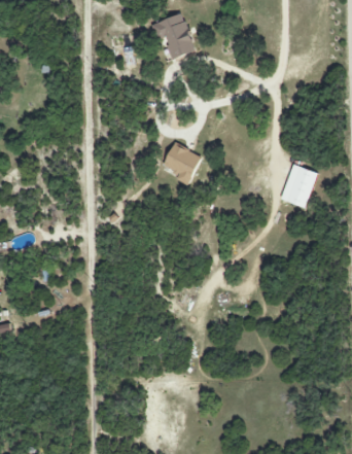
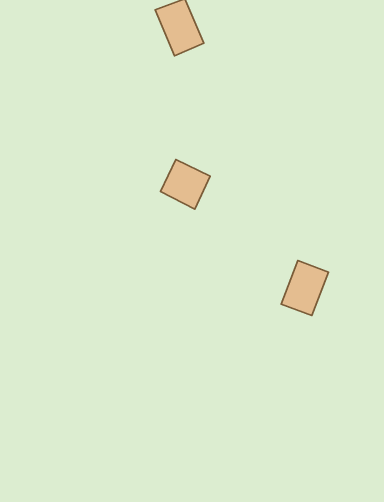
building: [279,164,317,208] -> [281,261,328,316]

